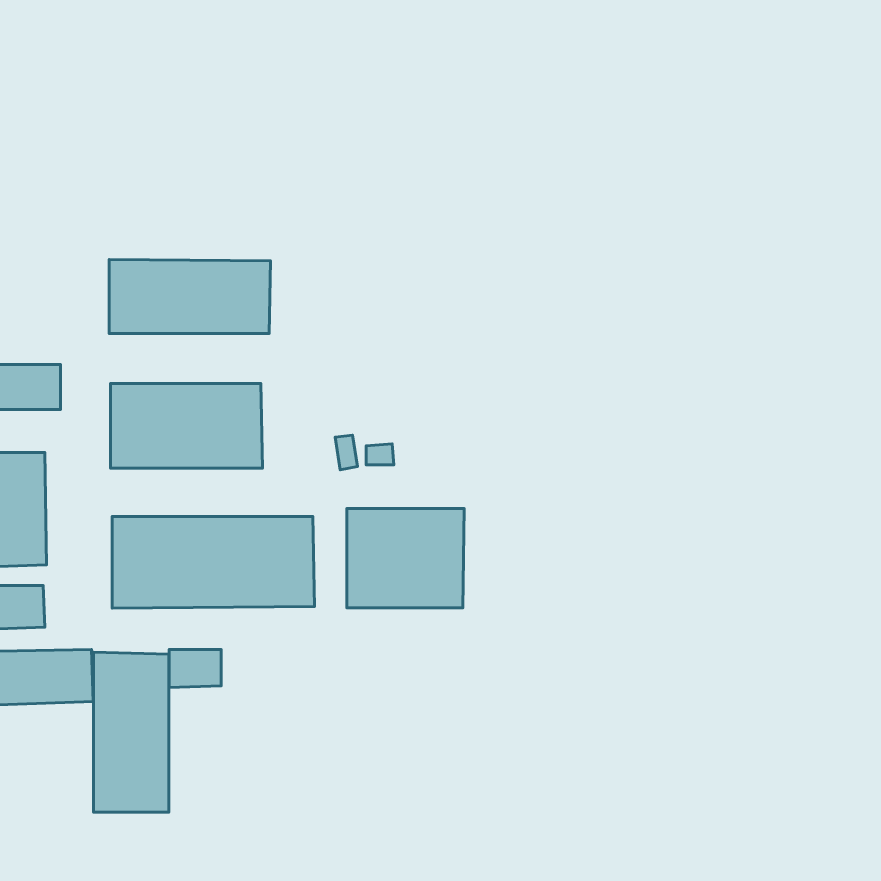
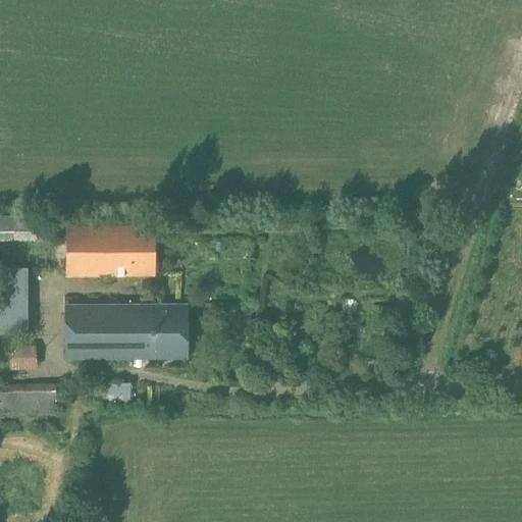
building: [109,259,270,333] -> none
building: [347,508,464,608] -> none
building: [93,652,169,812] -> none

